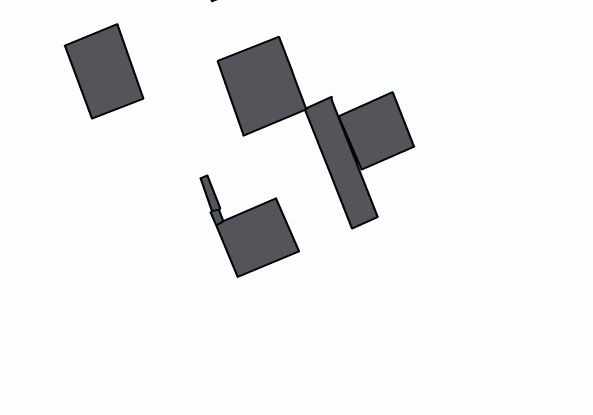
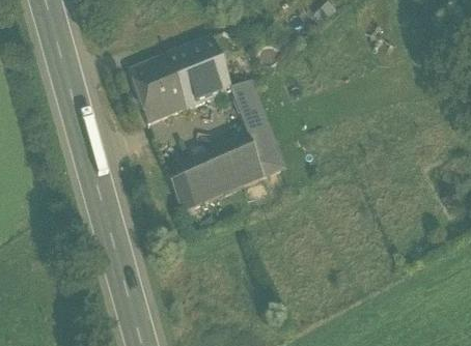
building: [65,24,143,119] -> [129,53,186,121]
building: [338,92,414,169] -> [210,135,265,191]

